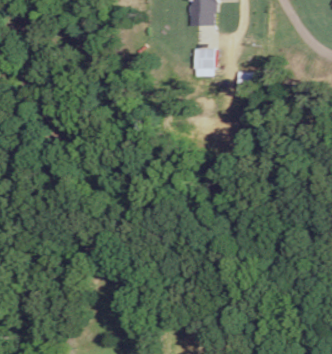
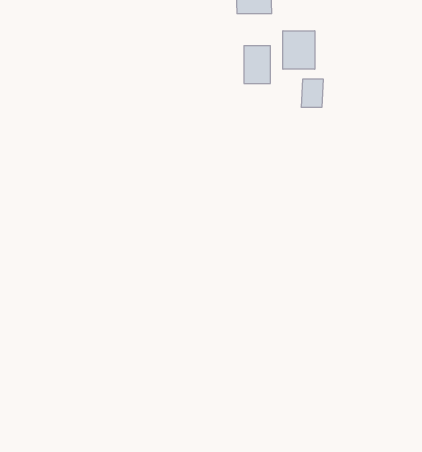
building: none -> [283,31,315,69]

